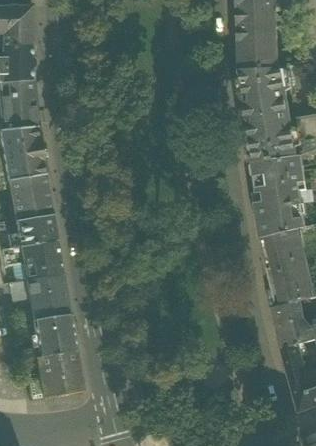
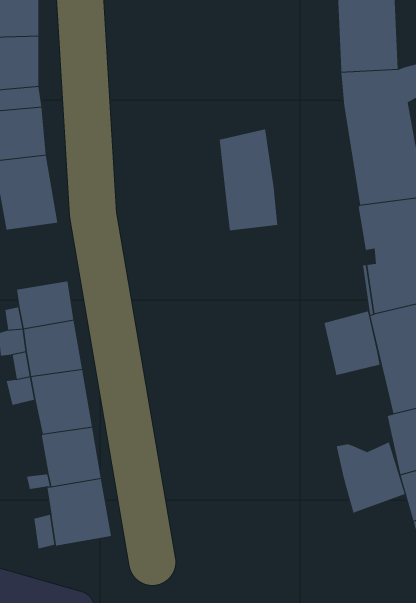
building: none -> [219,128,278,231]
building: [8,173,51,219] -> none
building: none -> [324,310,380,376]
building: none -> [336,442,405,513]

